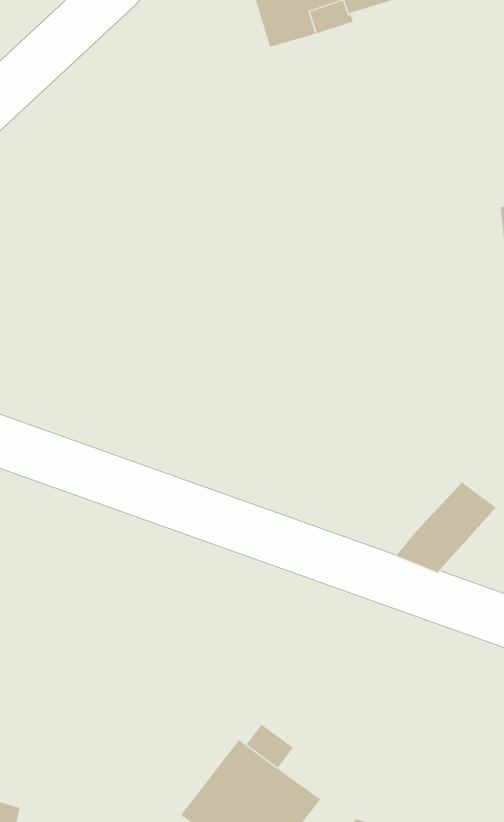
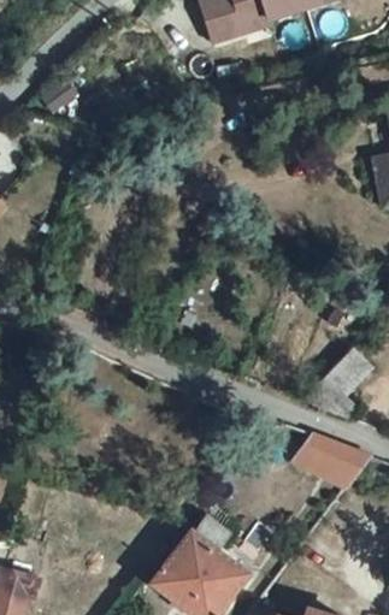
building: none -> [293,434,371,487]

